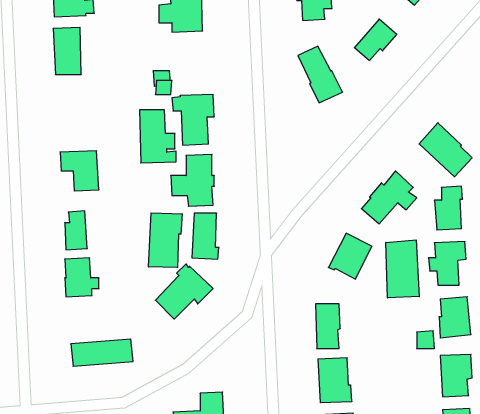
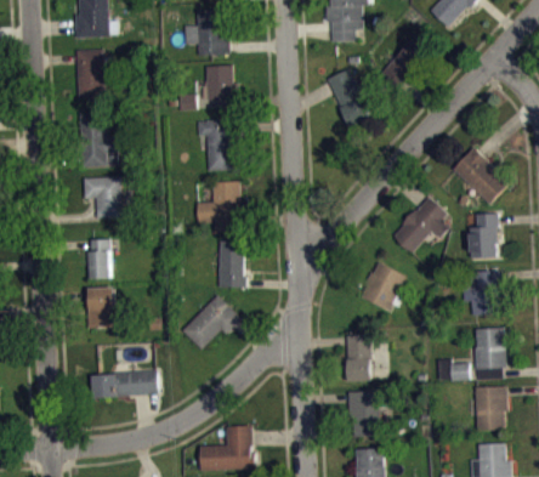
building: none -> [205,66,238,100]
building: [140,110,176,163] -> [79,113,117,167]
building: [149,213,182,268] -> none
building: [386,240,419,298] -> none

